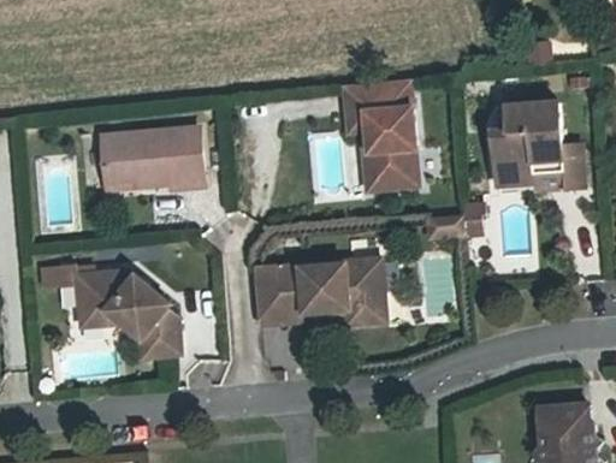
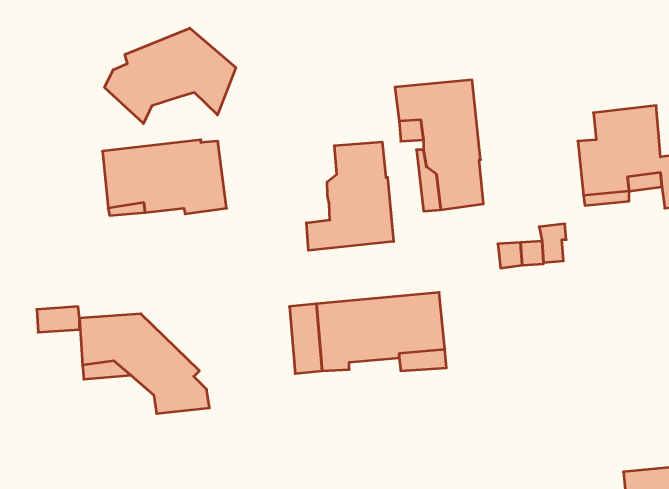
building: none -> [105,28,236,124]
building: none -> [306,142,394,250]

